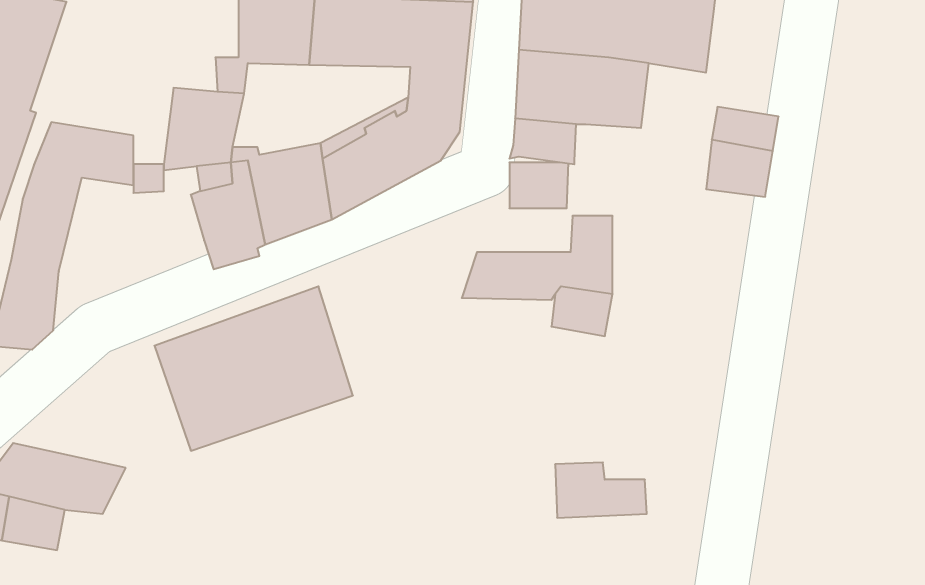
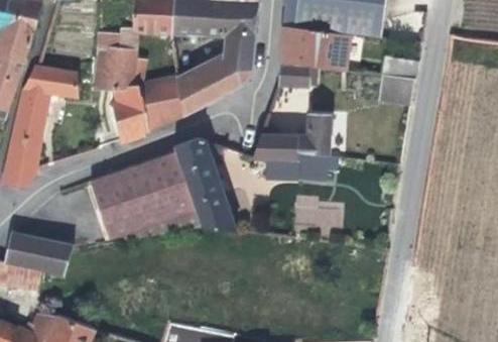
building: none -> [173,139,234,231]
building: [555,462,647,518] -> [293,194,342,223]

